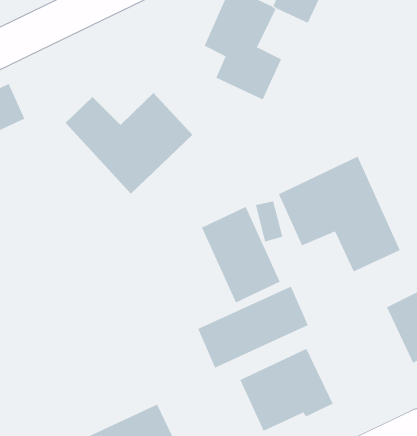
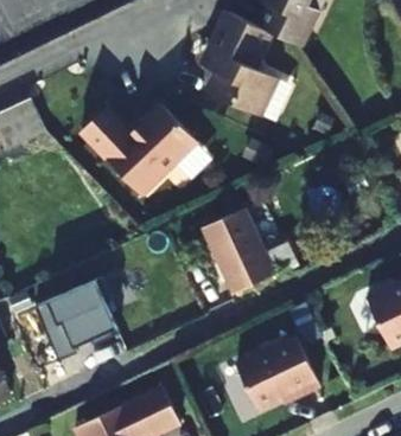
building: [278,156,401,272] -> none
building: none -> [33,277,119,361]
building: [197,286,308,368] -> none

